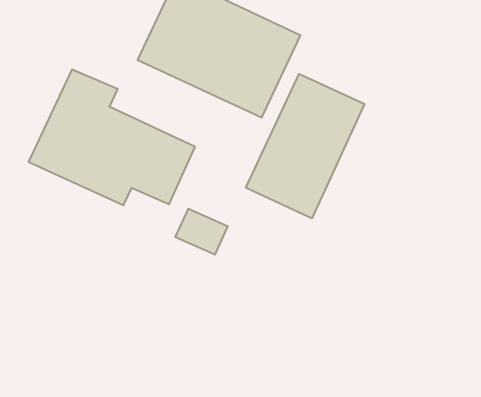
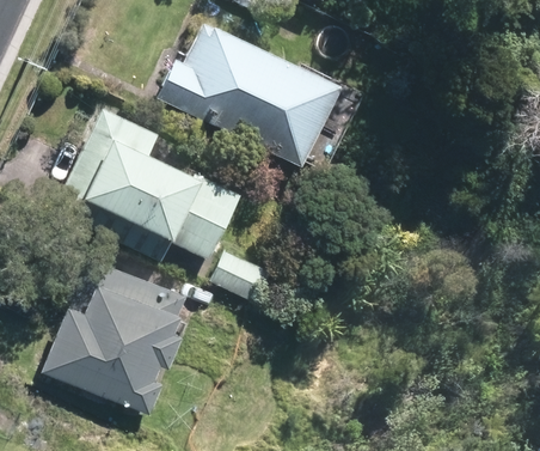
building: [246,74,364,218] -> none
building: none -> [50,269,191,415]

